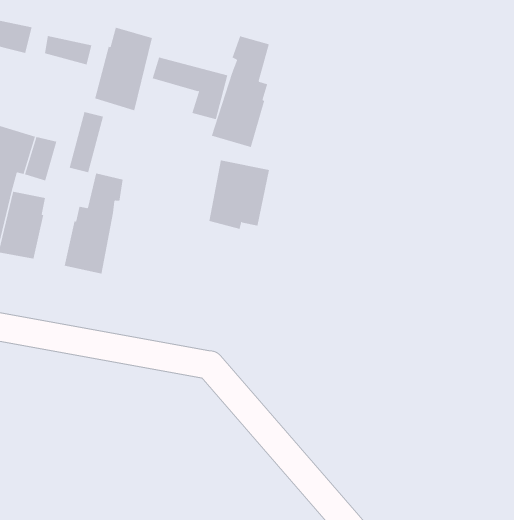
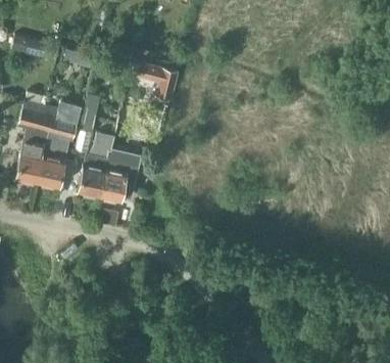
building: [94,27,152,111] -> none
building: [211,36,269,148] -> none
building: [209,160,270,229] -> [100,158,138,201]

